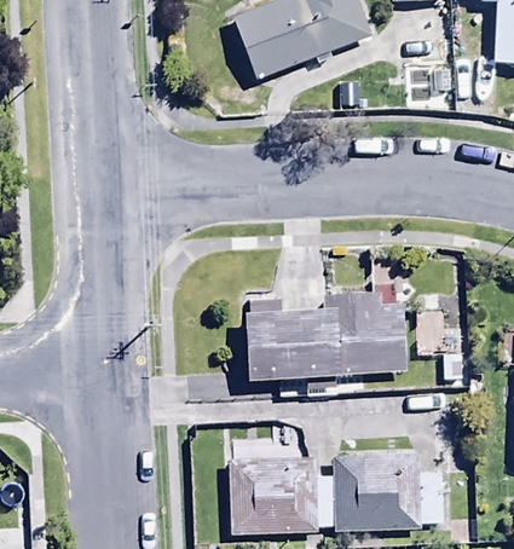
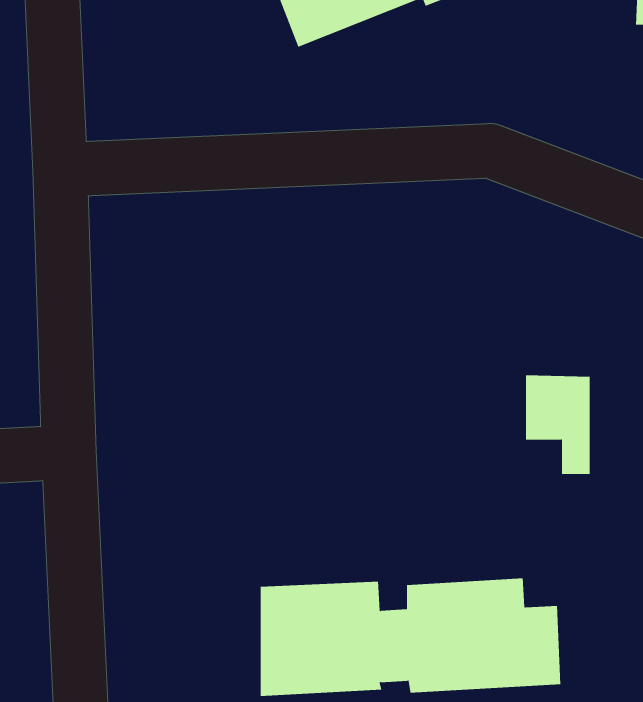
building: [248,295,406,393] -> none

